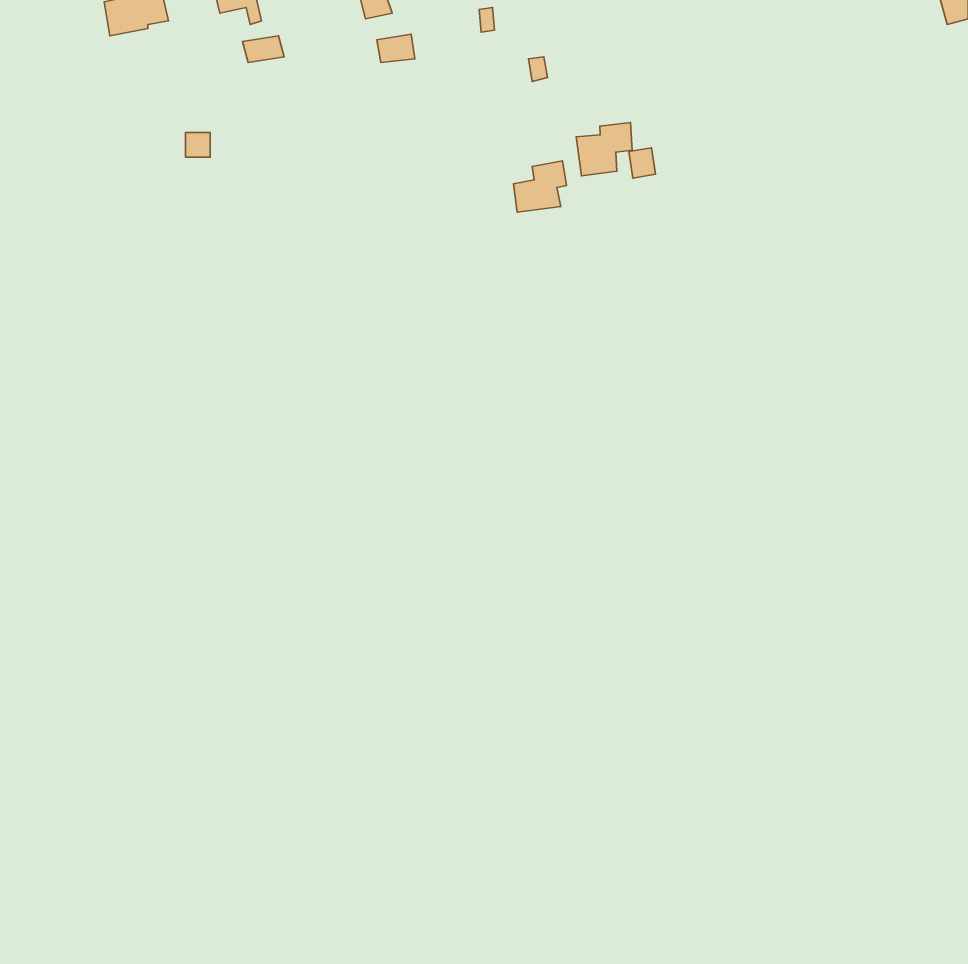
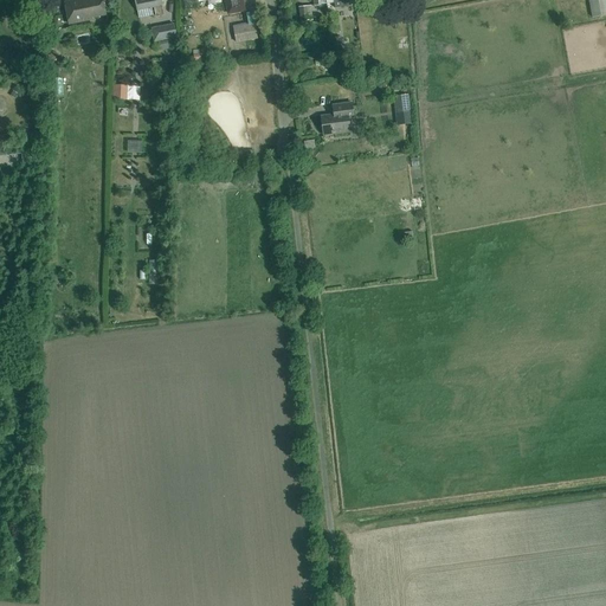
building: [576,122,632,176] -> none

